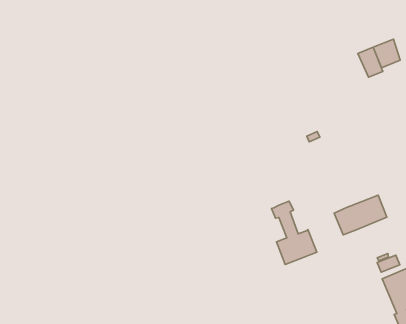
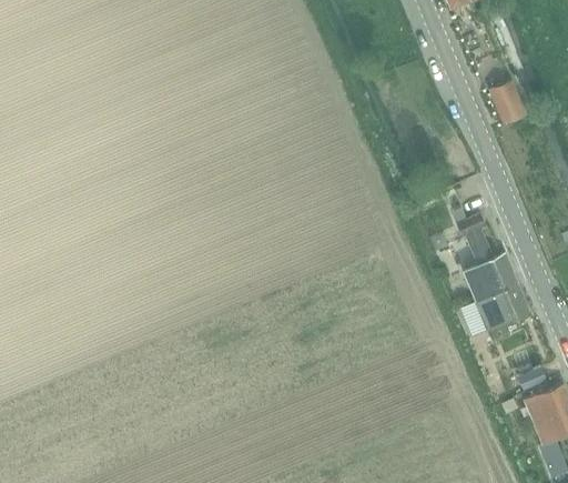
building: [373,39,400,68] -> none
building: [271,201,317,264] -> [457,215,519,302]

